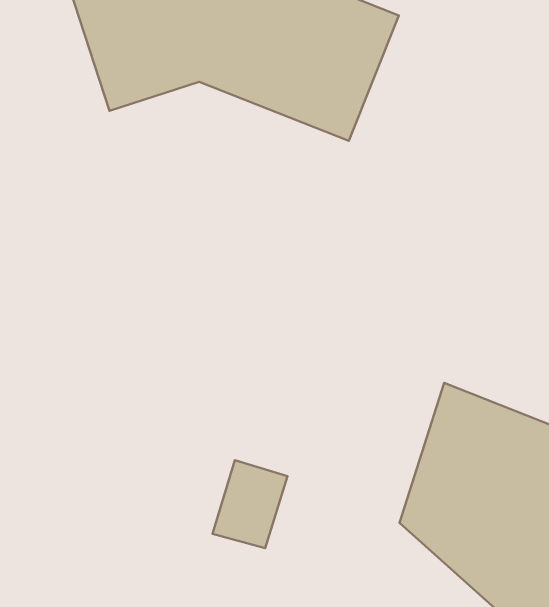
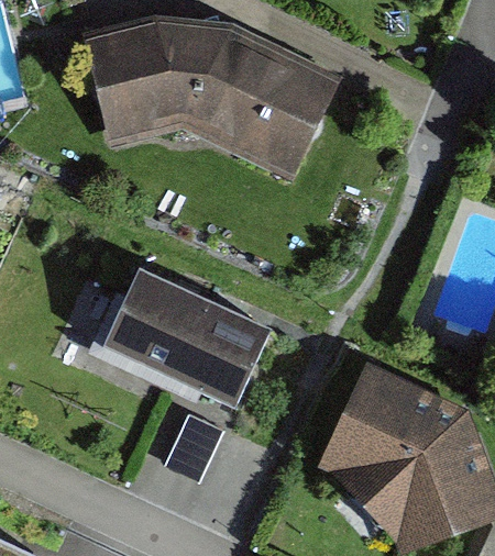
building: none -> [92,265,260,408]

